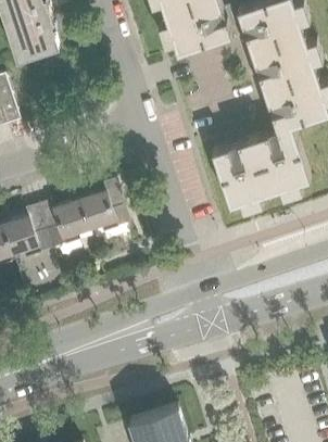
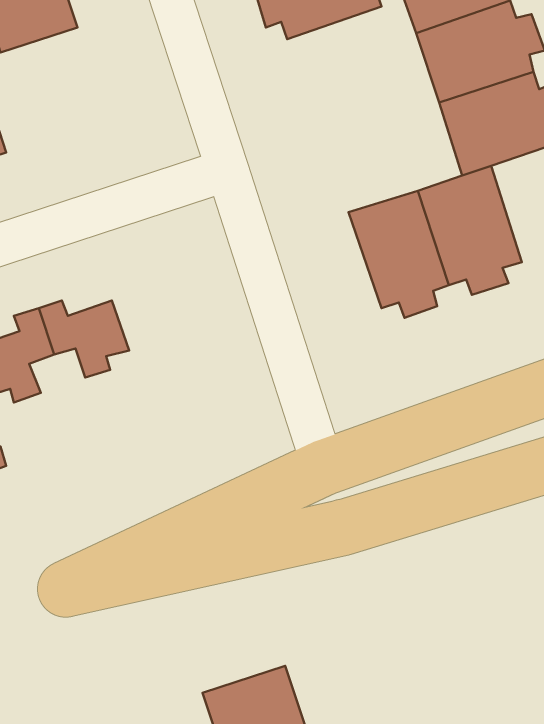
building: [77,178,128,231] -> none

